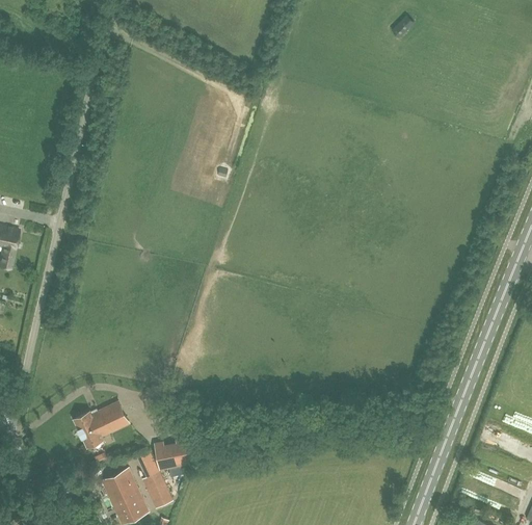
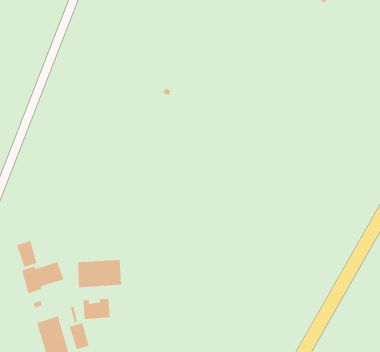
building: none -> [16,240,38,268]
building: none -> [77,259,122,288]

